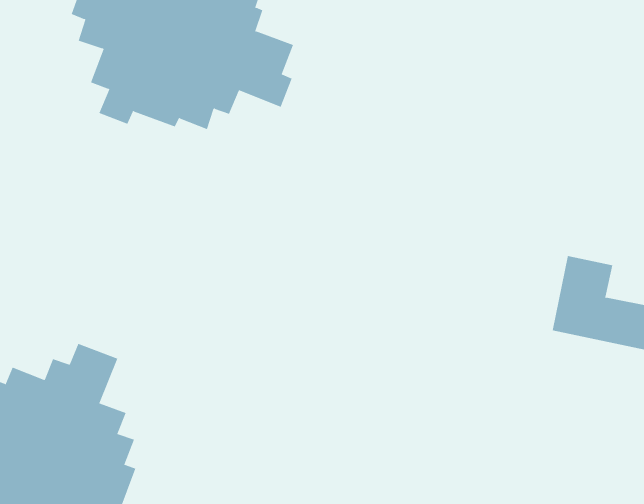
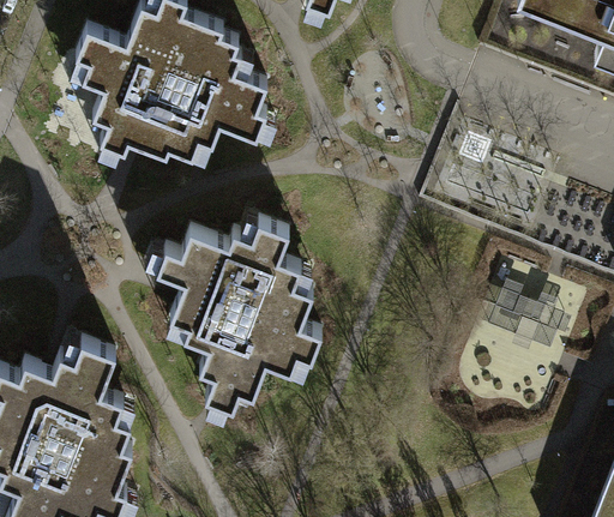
building: none -> [155,227,320,415]

